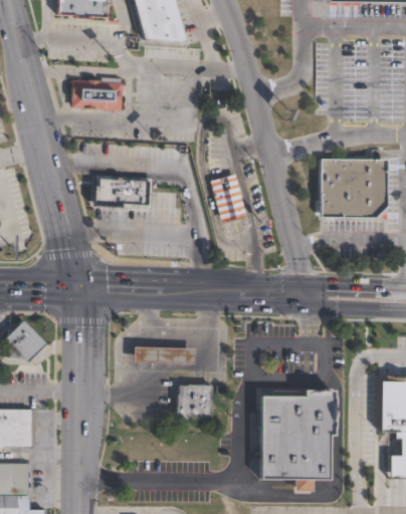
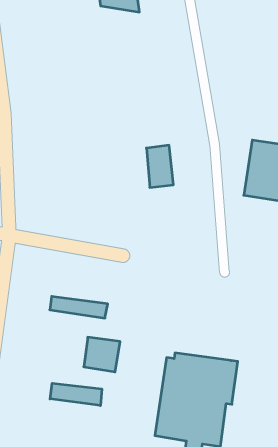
building: [70,80,122,109] -> none
building: [93,174,152,209] -> none
building: none -> [50,383,102,406]

